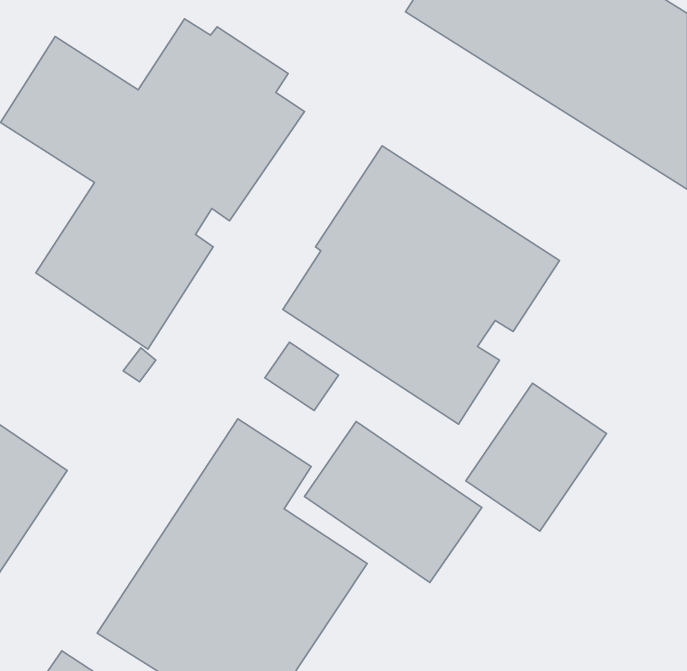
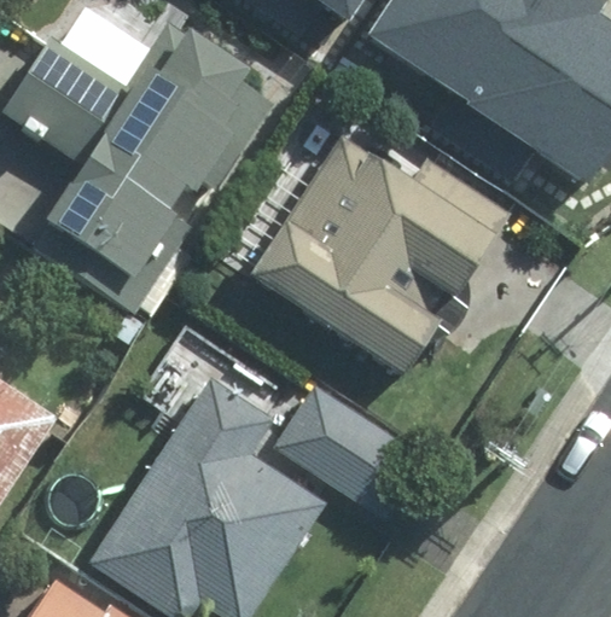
building: [466,383,606,531] -> none

